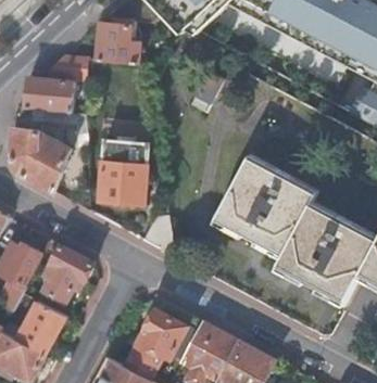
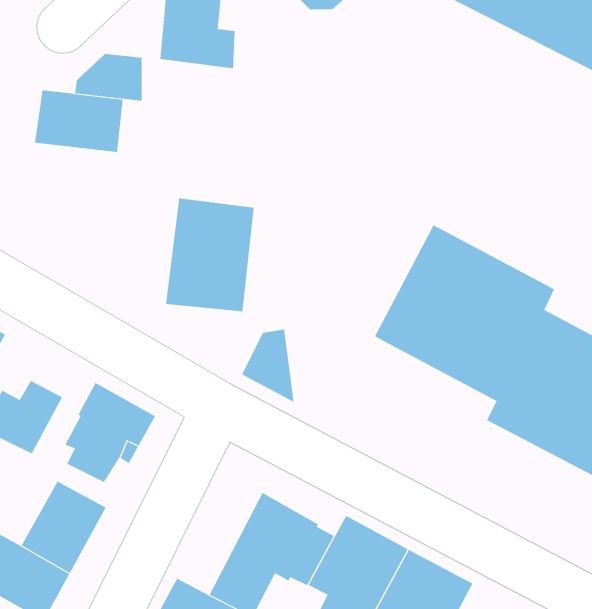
building: [10,128,70,193] -> none

